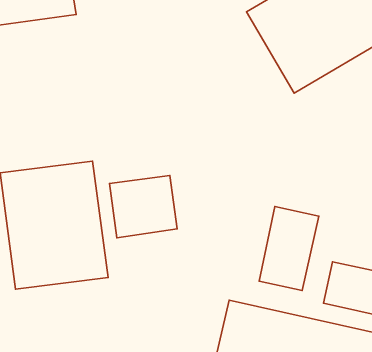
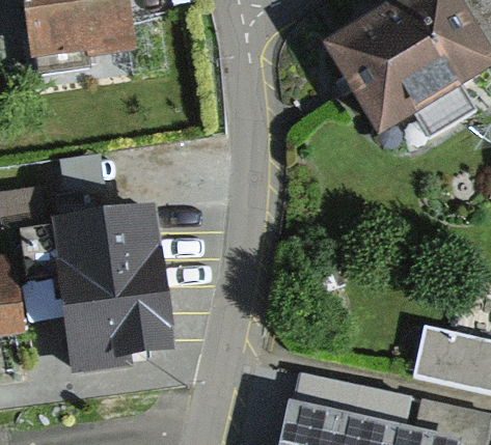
building: [110,176,177,238] -> none
building: [259,207,319,290] -> none

